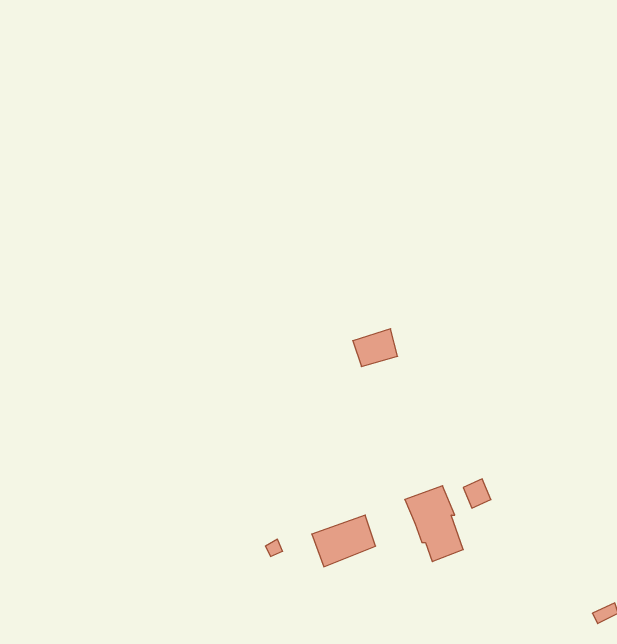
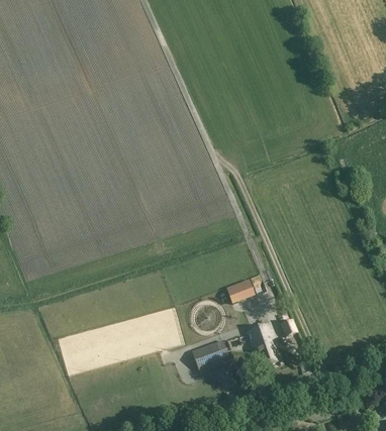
building: [353,329,398,367] -> [229,277,256,299]

